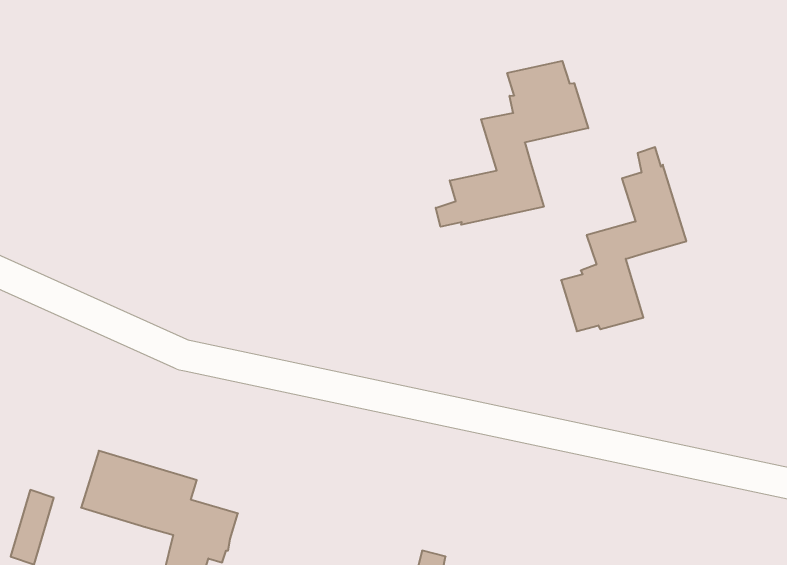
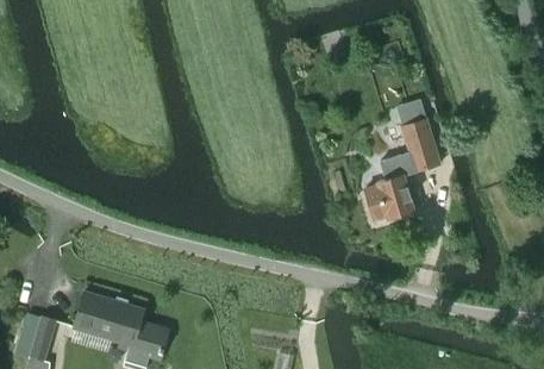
building: [436,61,588,227] -> none

